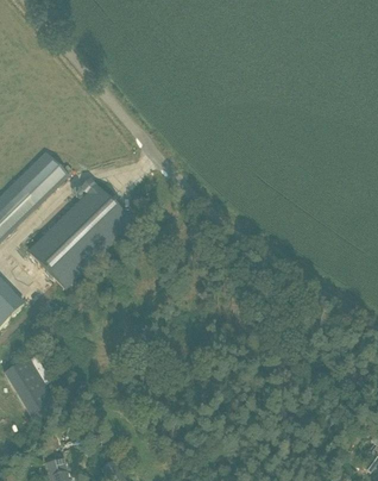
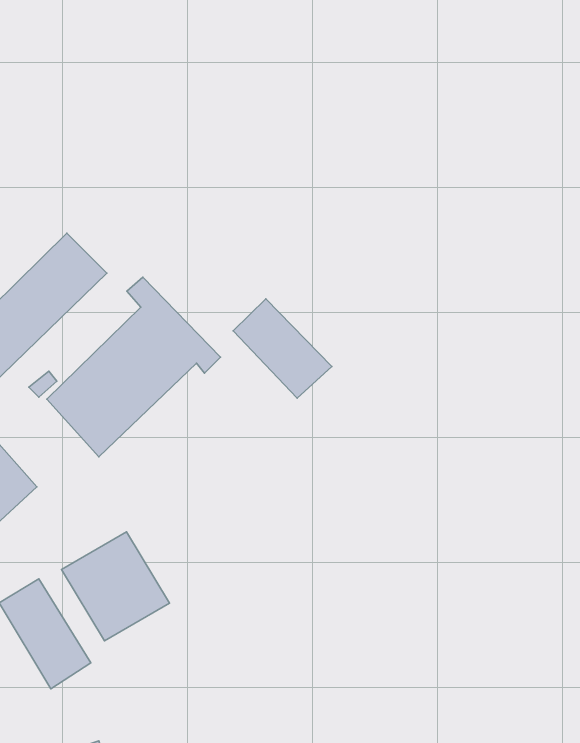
building: none -> [233,299,332,398]
building: none -> [62,532,170,641]

